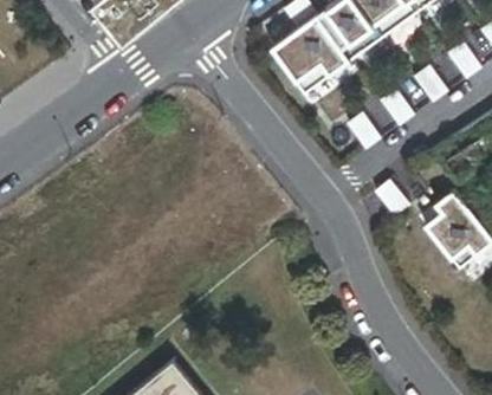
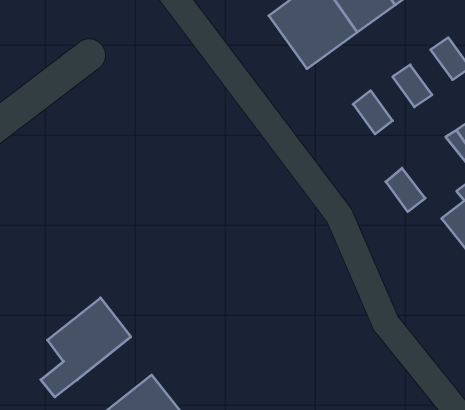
building: none -> [41,298,131,397]

